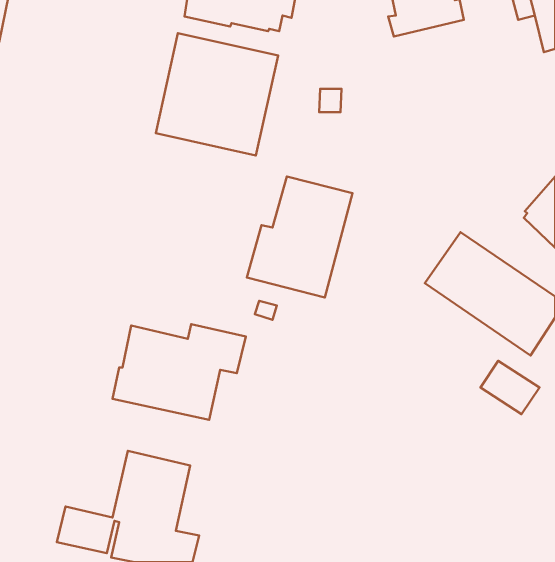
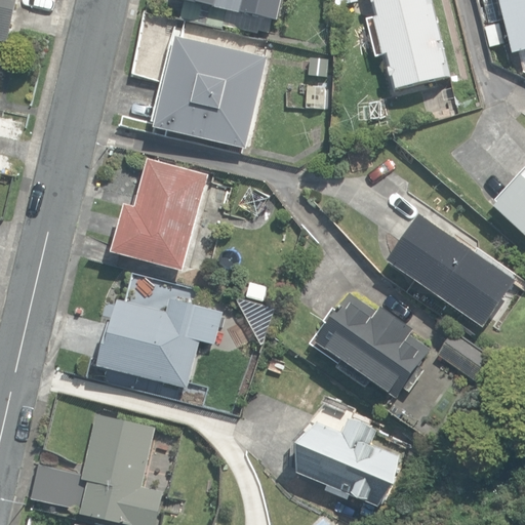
building: none -> [363,18,437,88]
building: [247,176,353,297] -> [116,160,213,272]
building: none -> [308,294,430,401]
building: none -> [287,414,389,501]

